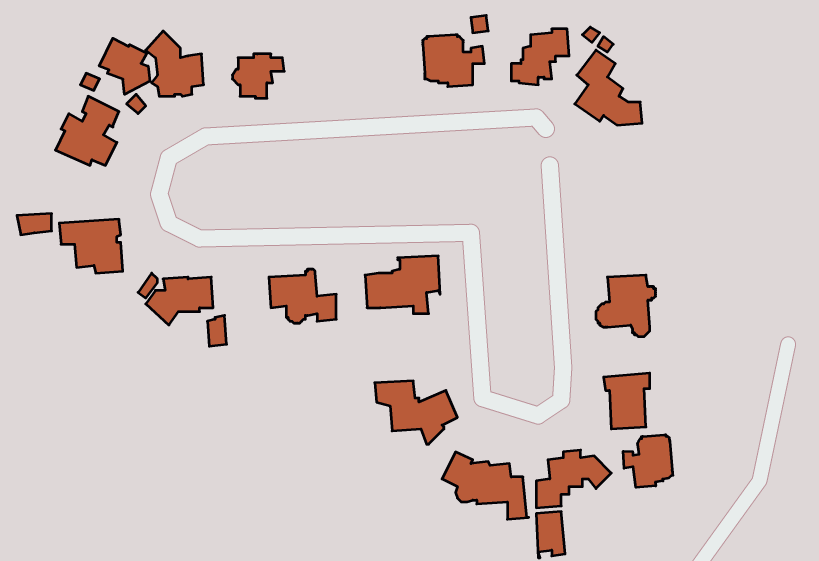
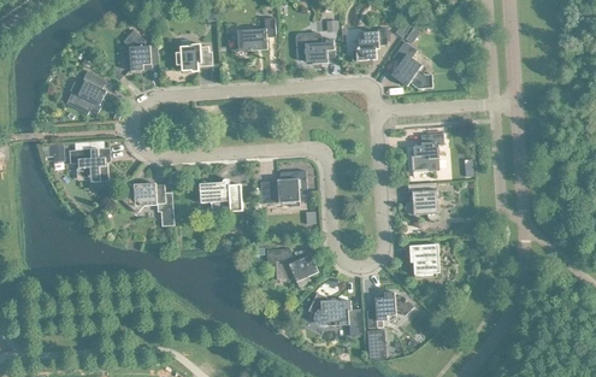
building: none -> [236,16,275,49]
building: [99,38,150,94] -> none
building: none -> [409,131,443,170]
building: [623,435,673,487] -> none

